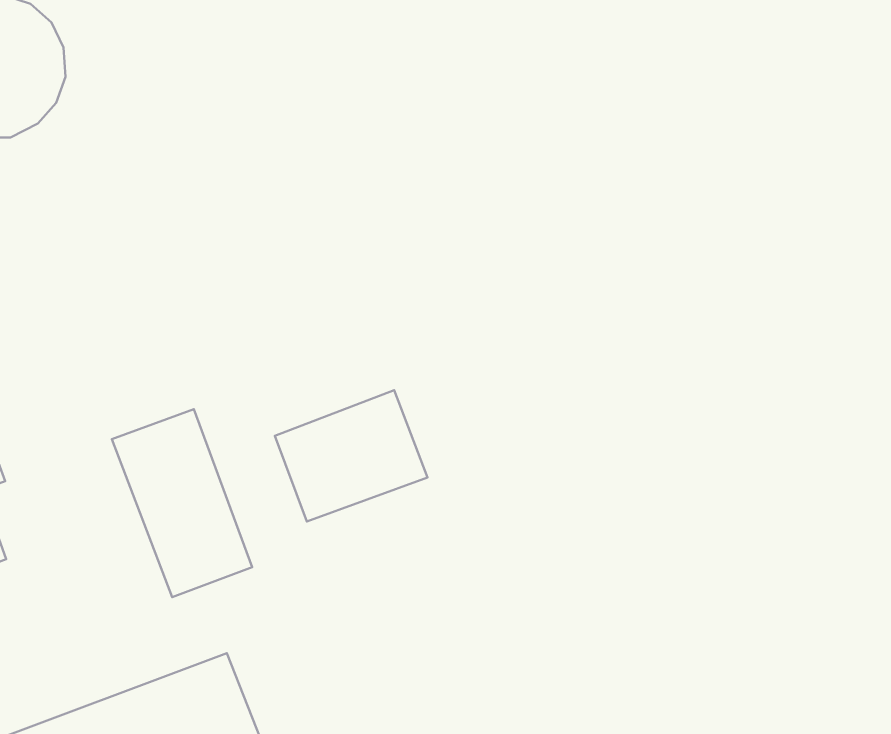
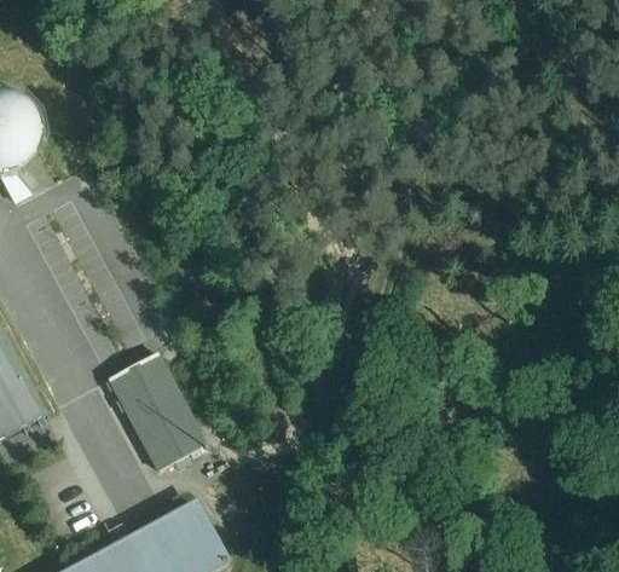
building: [275,390,428,522] -> none

